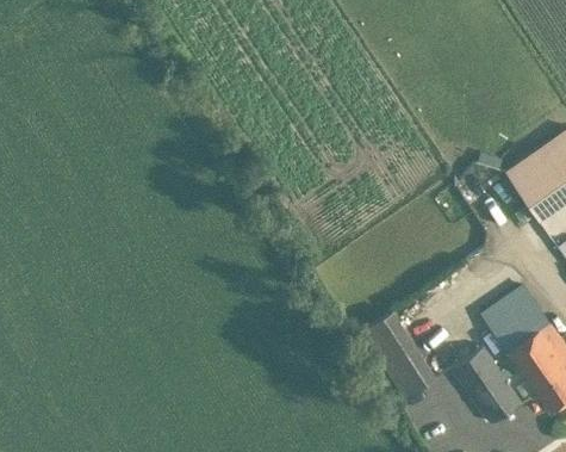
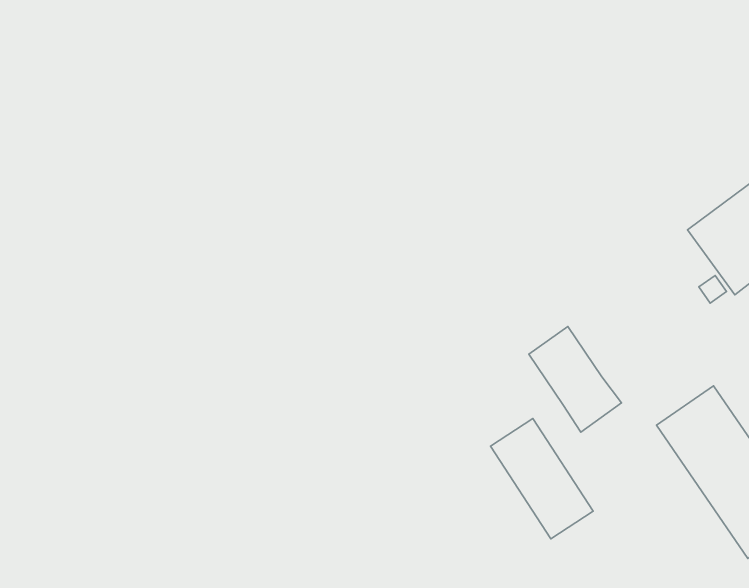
building: [455,347,523,425] -> [529,327,622,432]

